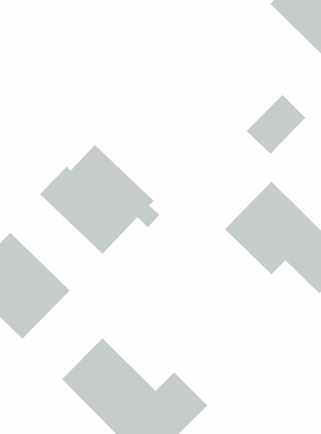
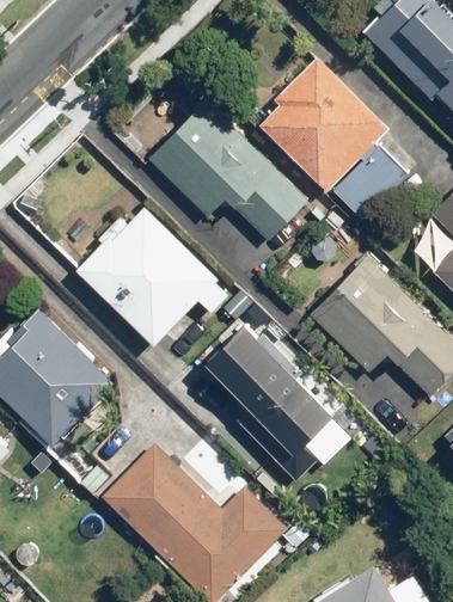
building: none -> [258,56,388,191]
building: none -> [154,100,313,241]
building: none -> [208,319,337,477]

